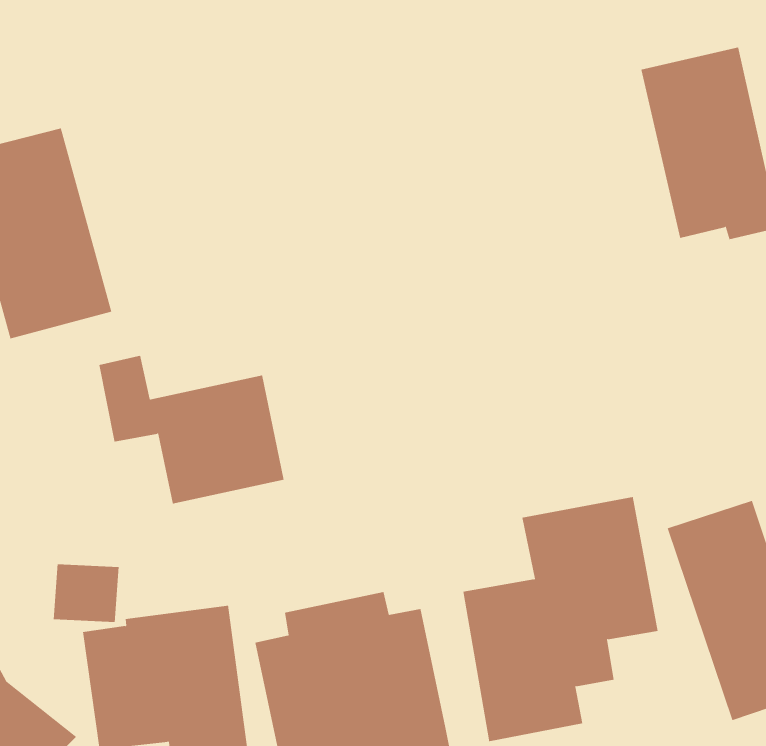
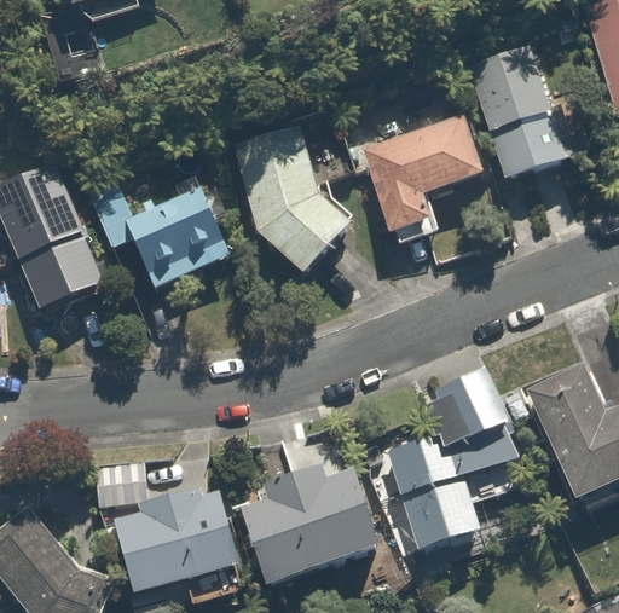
building: none -> [230,117,361,289]
building: none -> [363,112,488,248]
building: [99,355,285,504] -> [88,186,231,289]

